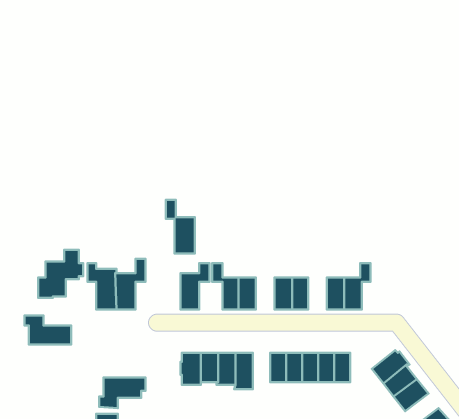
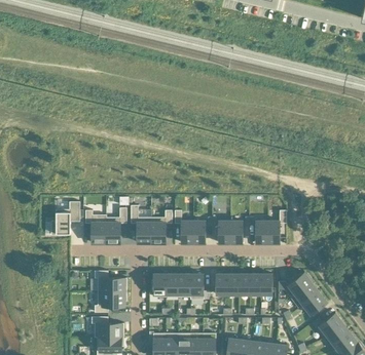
building: [166,200,195,254] -> [132,204,152,242]
building: [25,315,71,344] -> [95,270,127,290]

